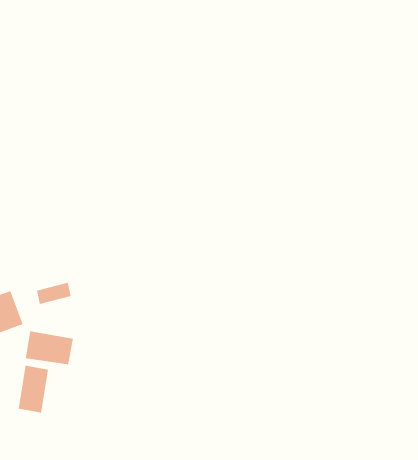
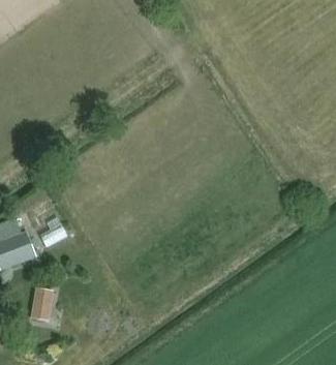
building: [25,331,73,365] -> none

